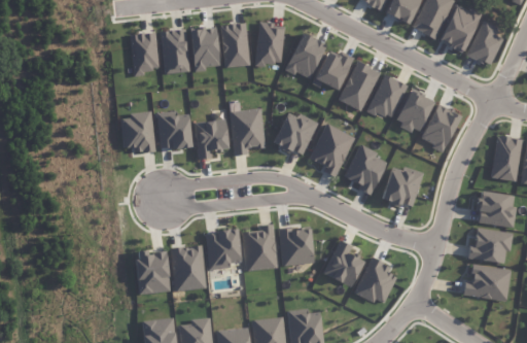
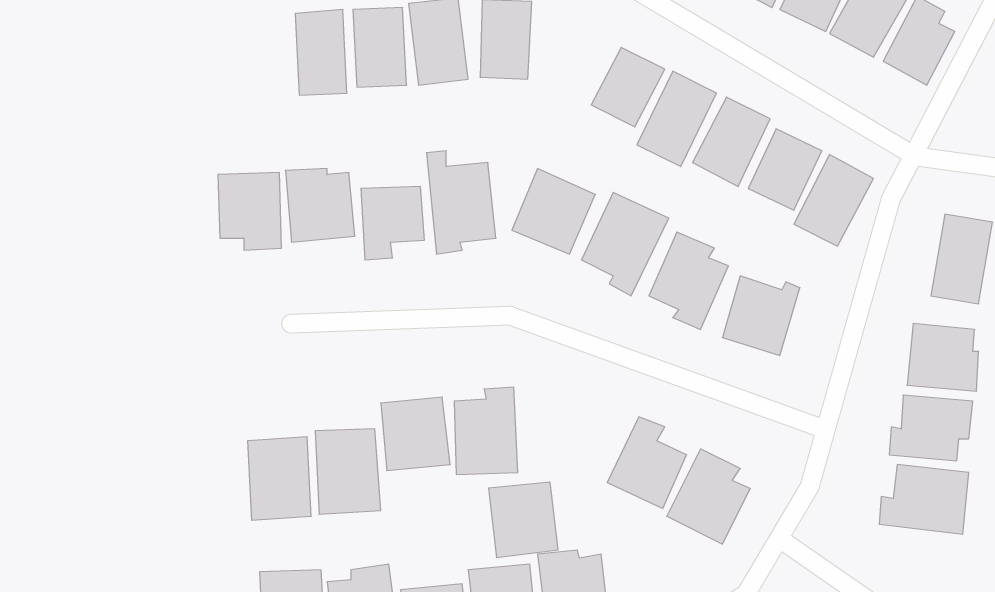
building: [131,33,157,76] -> none
building: [295,33,326,78] -> none
building: [279,228,315,267] -> [489,482,558,558]

